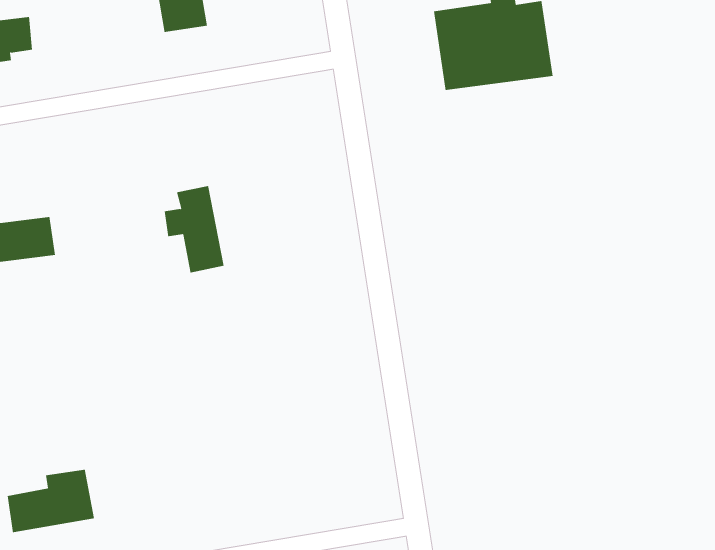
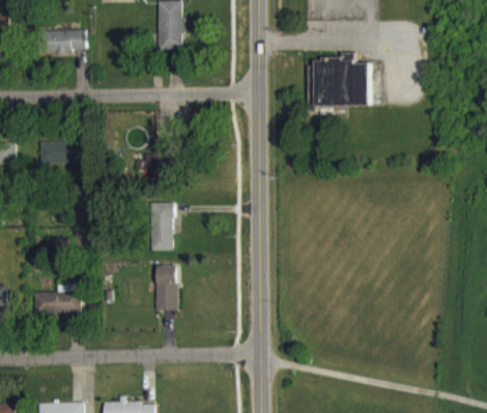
building: none -> [149,203,173,252]
building: none -> [155,266,177,312]

